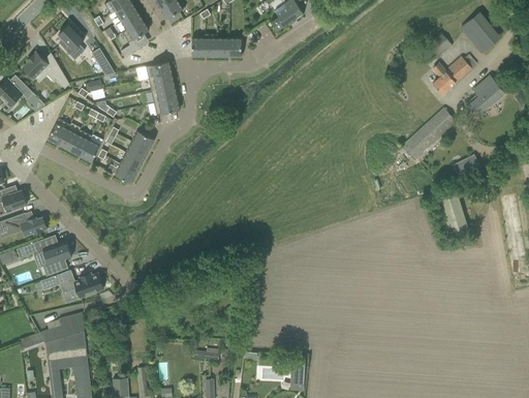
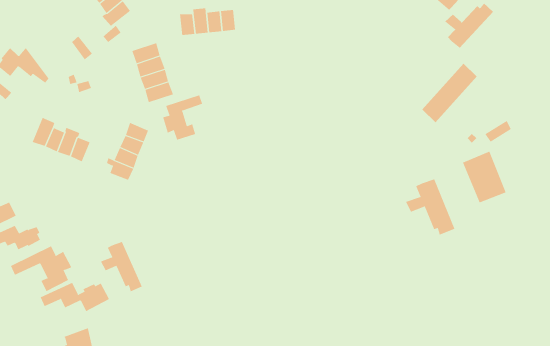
building: [58,24,85,59] -> none
building: [466,74,505,117] -> none
building: none -> [162,94,203,141]
building: none -> [405,179,455,235]
building: none -> [100,241,143,292]

